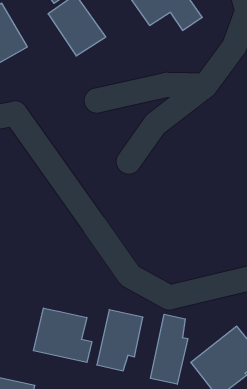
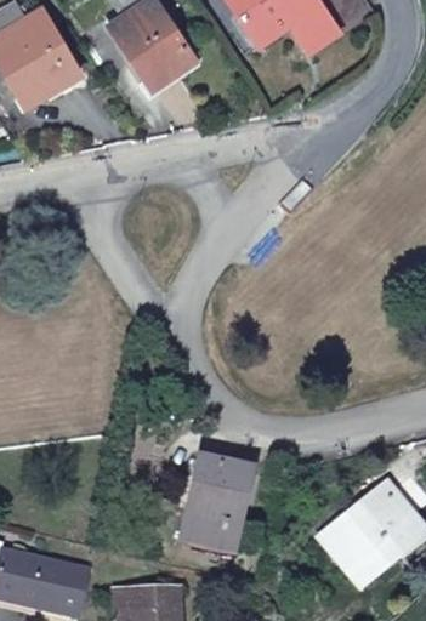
building: [33,308,92,362] -> none
building: [150,314,188,384] -> none

